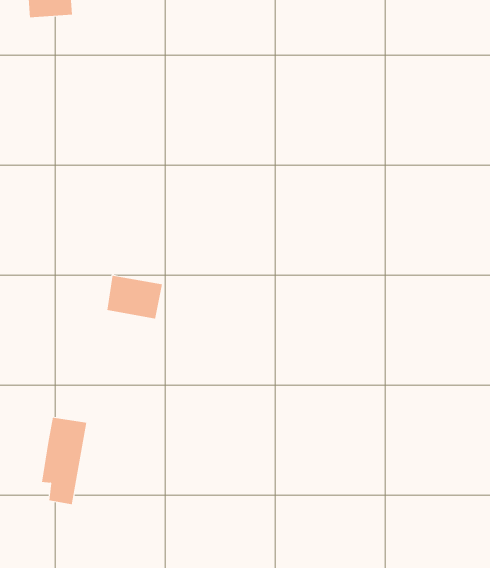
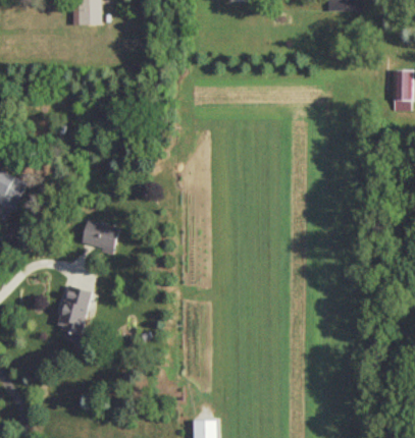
building: [107,275,163,319] -> [82,220,119,251]

